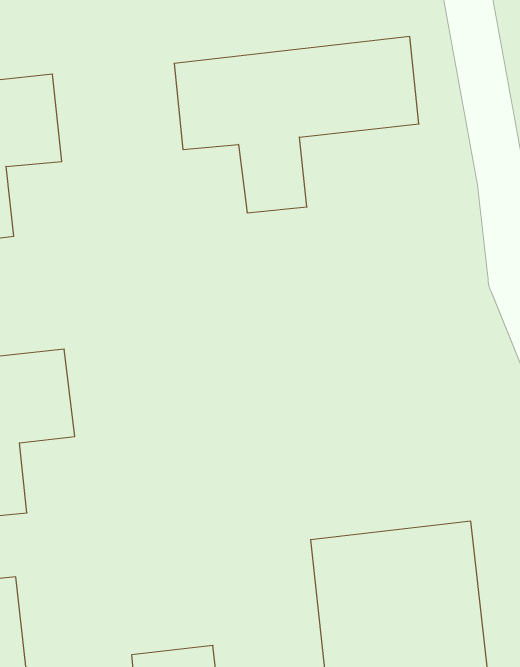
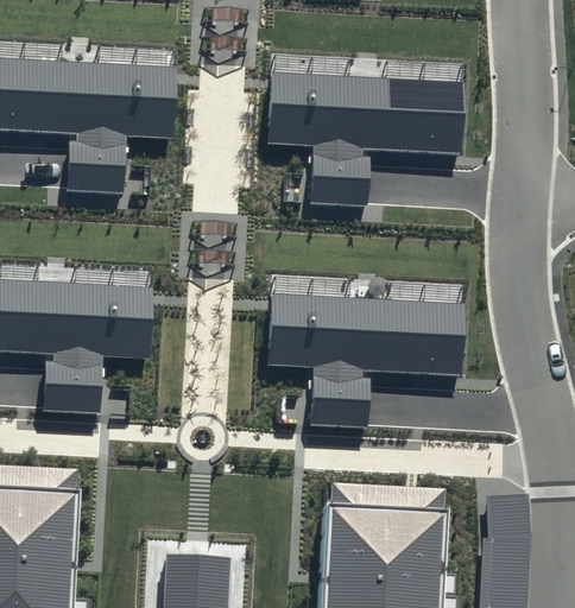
building: none -> [270,297,466,430]

